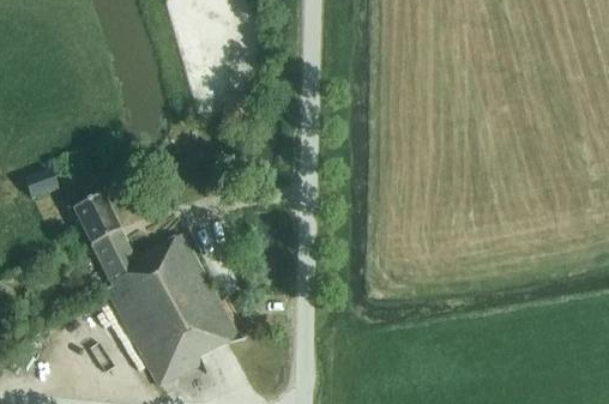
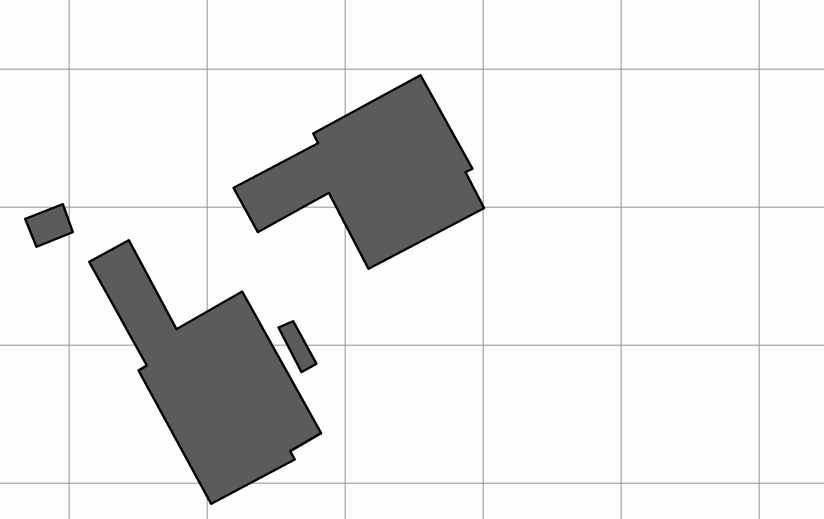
building: none -> [234,75,484,269]

